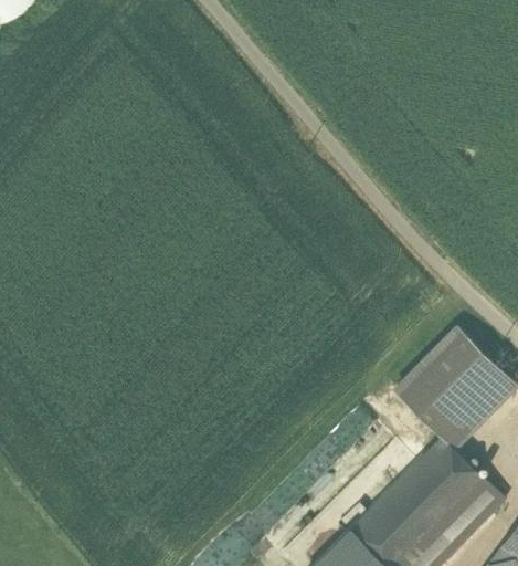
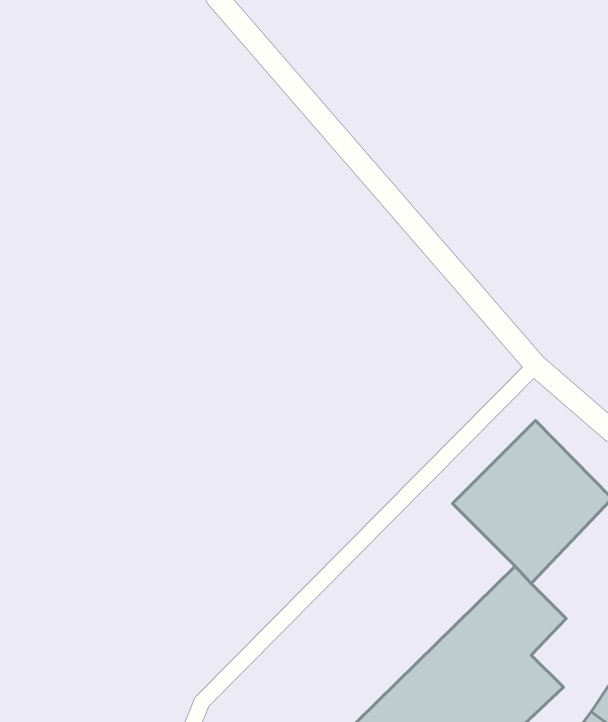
building: [454,476,505,528] -> none

